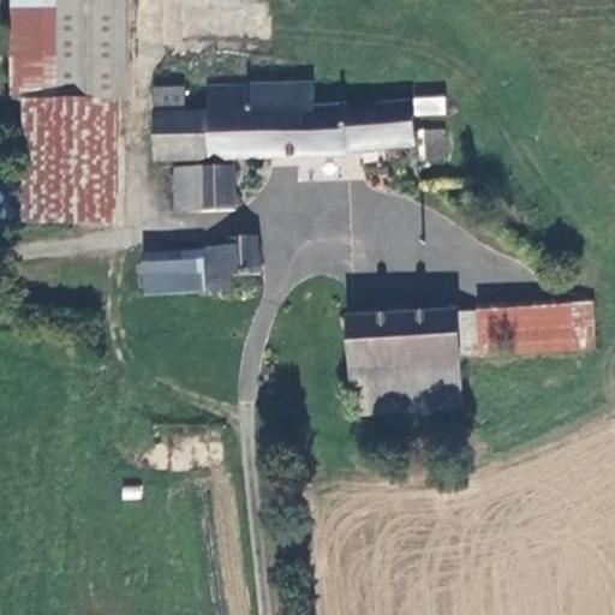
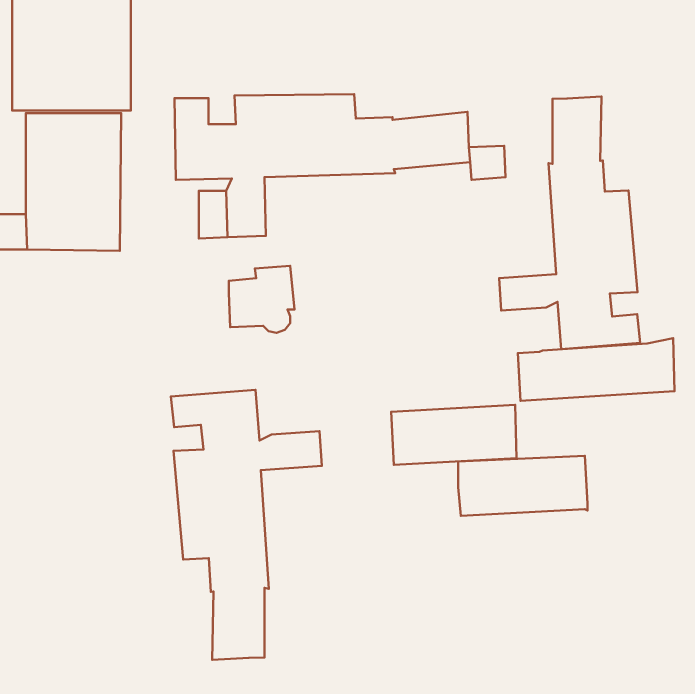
building: none -> [499,97,640,349]
building: [143,258,203,292] -> none
building: [342,310,456,363] -> [458,456,588,516]
building: none -> [171,390,322,660]

